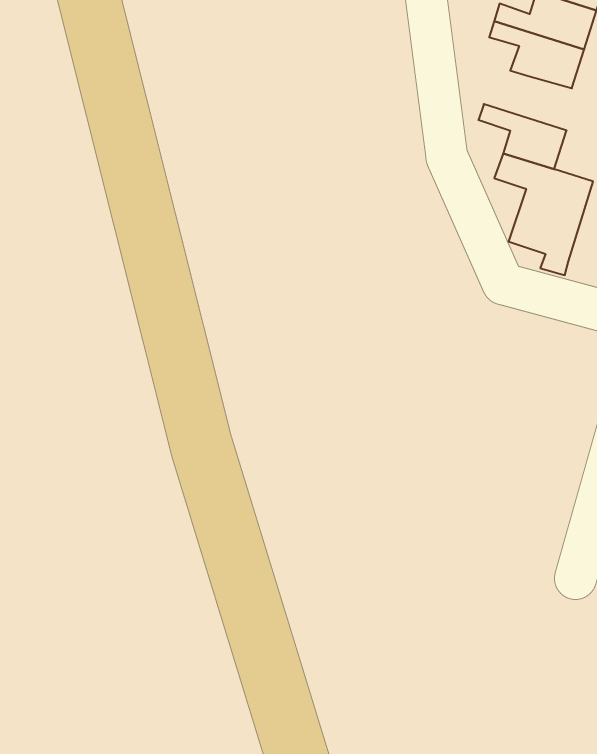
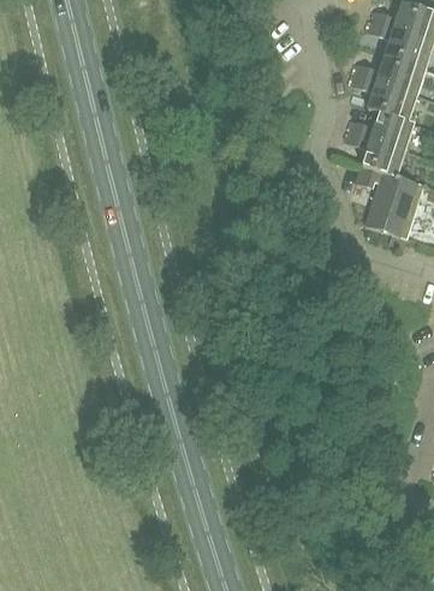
building: none -> [347,111,412,148]

